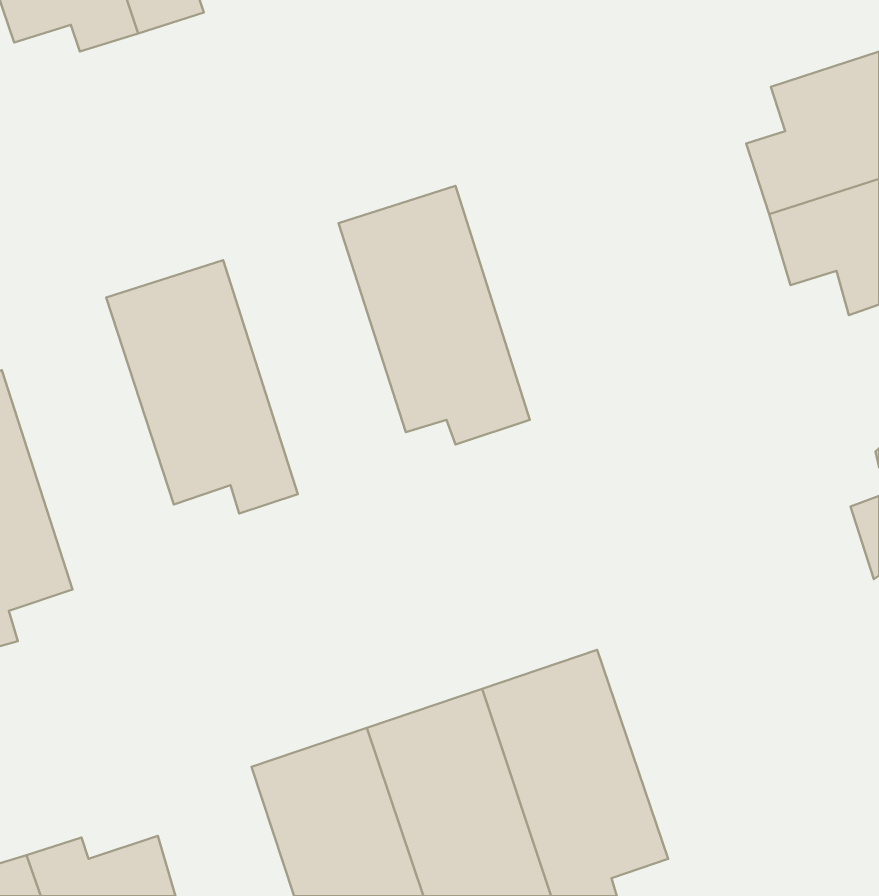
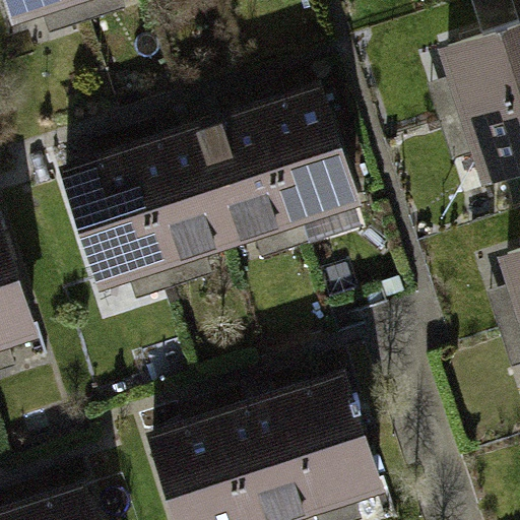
building: none -> [261,85,367,241]
building: none -> [128,128,233,283]

